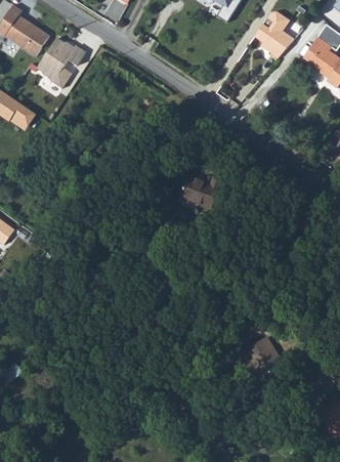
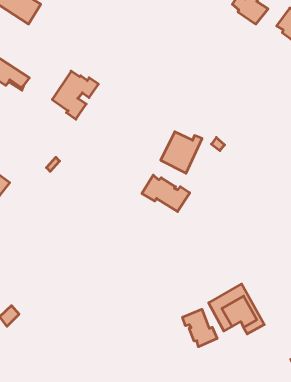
building: [36,38,86,90] -> [52,71,98,119]
building: none -> [142,175,190,212]
building: none -> [183,309,217,347]

